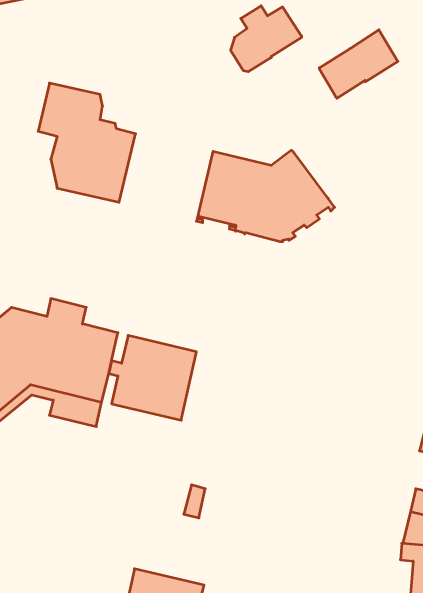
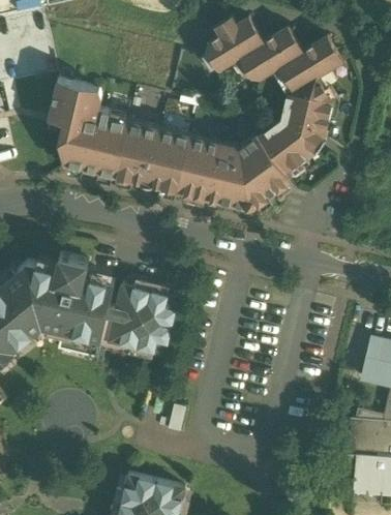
building: none -> [239,25,303,78]
building: none -> [258,75,333,172]
building: none -> [115,119,191,190]

